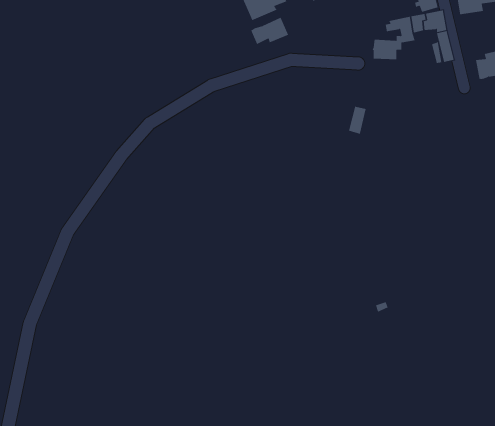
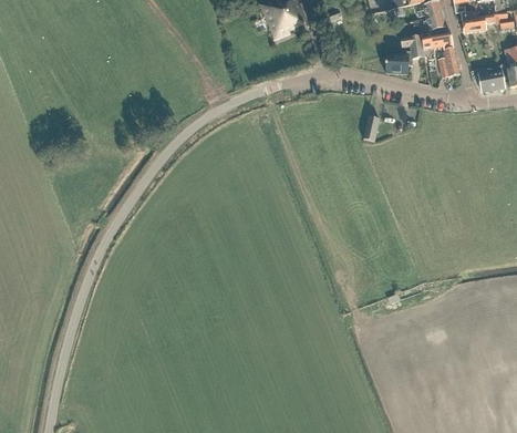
building: [250,17,289,45] -> none

